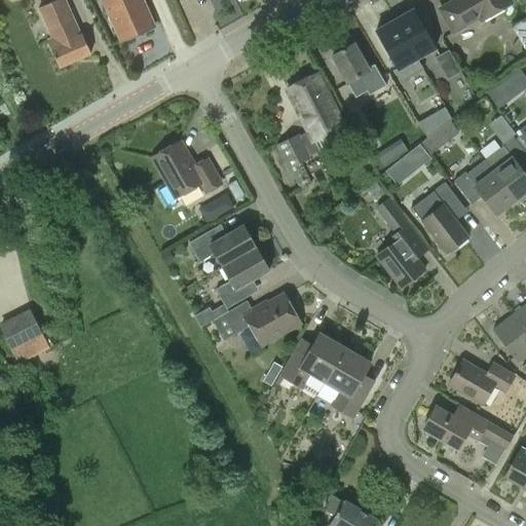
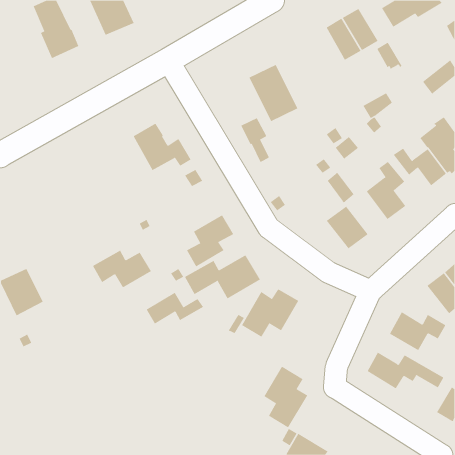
building: [332,43,393,106] -> none
building: [188,223,257,267] -> [92,250,152,288]
building: none -> [146,292,204,324]
building: [325,347,376,419] -> [264,366,308,428]

